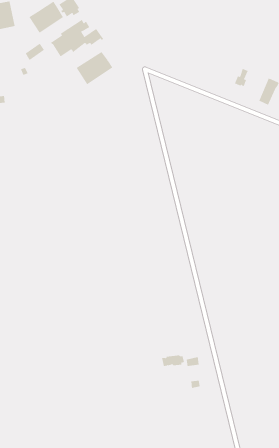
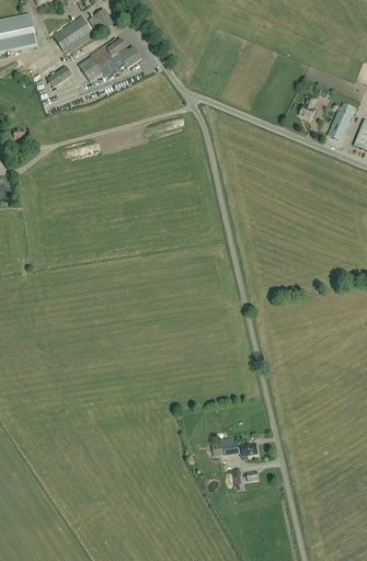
building: [76,51,113,85] -> none

